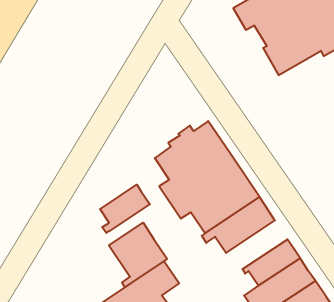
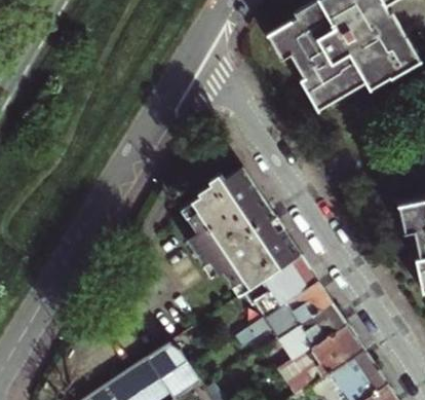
building: [100,185,150,233] -> none
building: none -> [235,281,333,346]
building: [109,223,167,287] -> none

